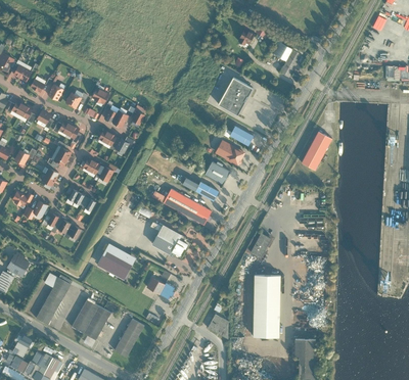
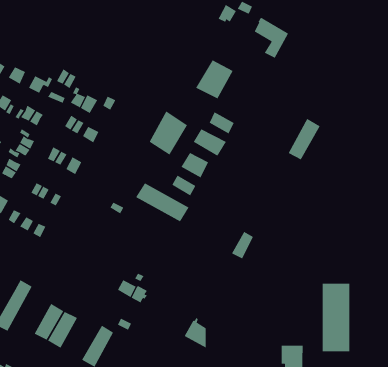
building: none -> [149,111,188,155]
building: [152,225,188,256] -> none
building: [98,243,137,279] -> none
building: [254,276,279,338] -> [322,283,350,352]

